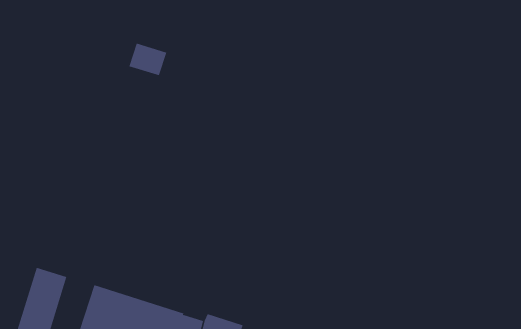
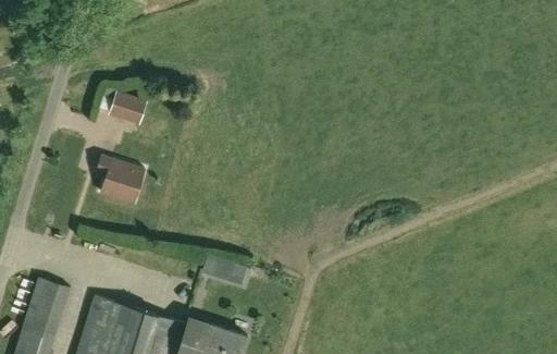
building: [129,43,167,76] -> [110,89,149,123]
building: none -> [95,154,144,202]

